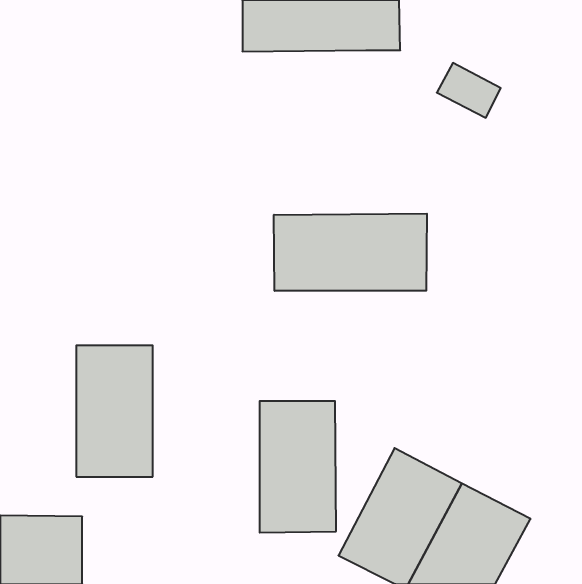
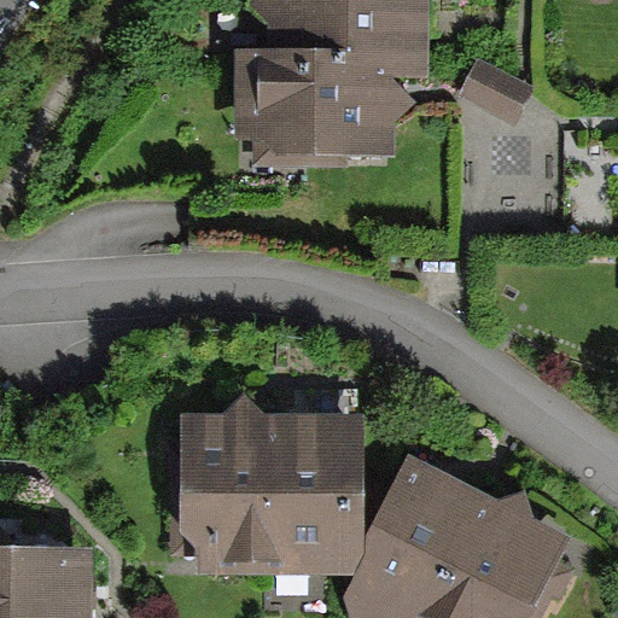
building: none -> [246,53,390,150]
building: [274,214,427,291] -> none
building: [76,345,153,477] -> [196,424,276,562]

